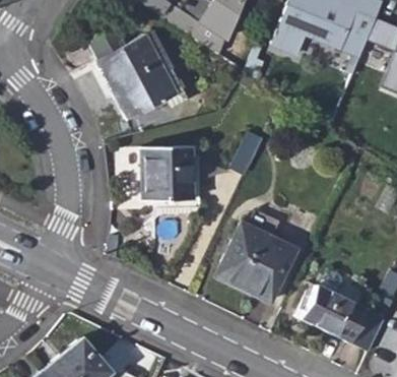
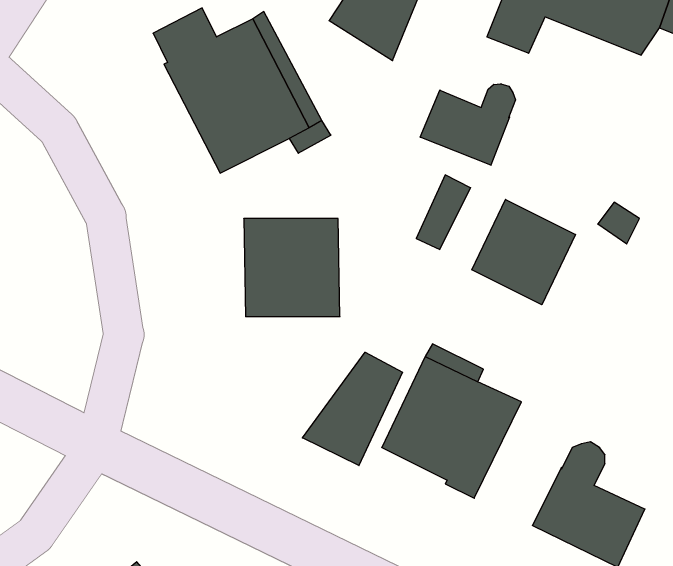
building: none -> [420,84,516,165]
building: none -> [472,199,575,305]
building: none -> [302,352,403,466]

